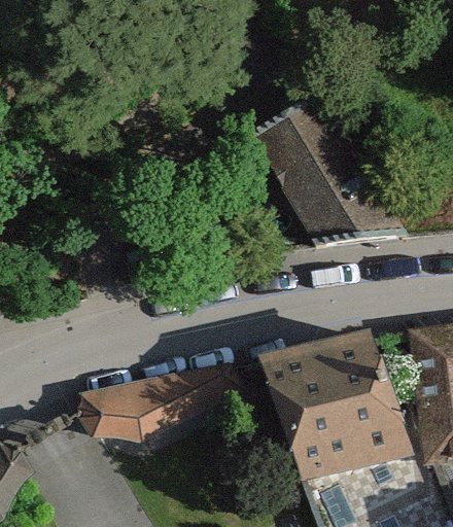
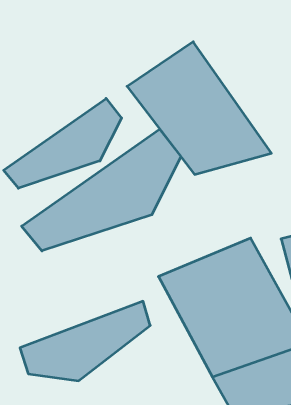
building: none -> [4,98,122,188]
building: none -> [22,129,181,251]

